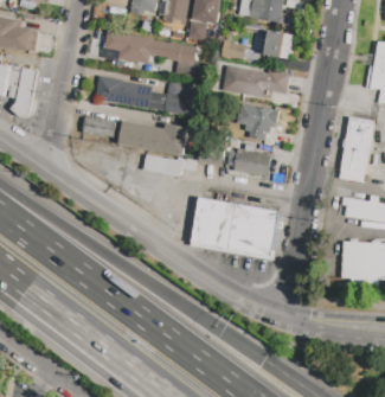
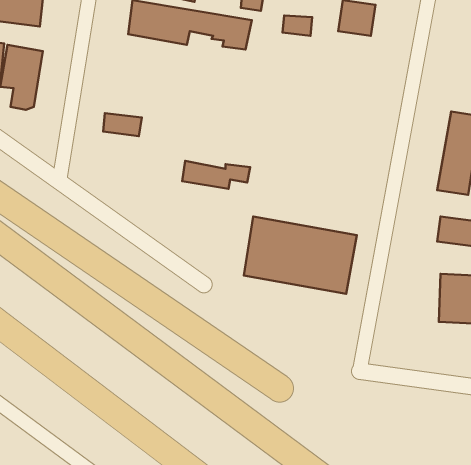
building: [222,65,289,97] -> none
building: [95,76,190,114] -> none
building: [248,104,280,140] -> none
building: [116,120,186,155] -> none
building: [233,149,270,177] -> none

